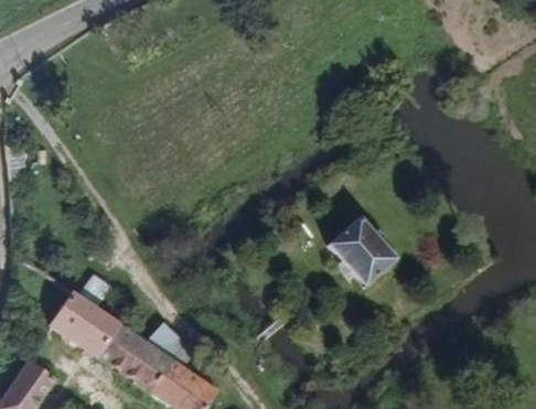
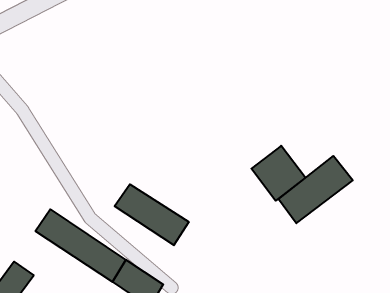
building: none -> [279,156,353,223]
building: none -> [115,184,189,245]

